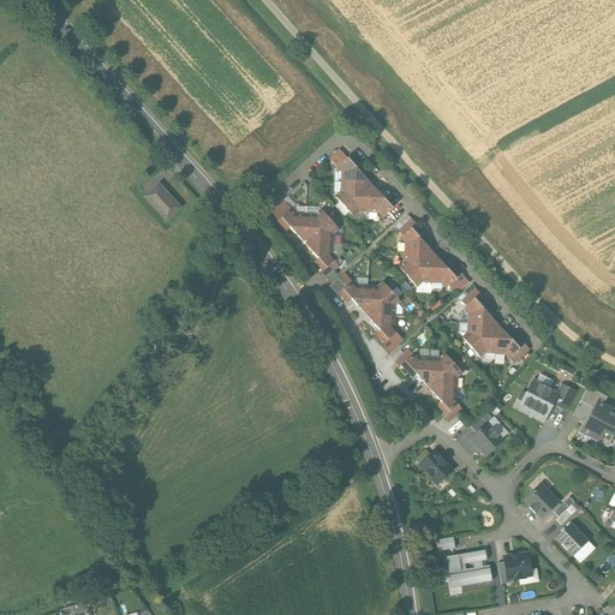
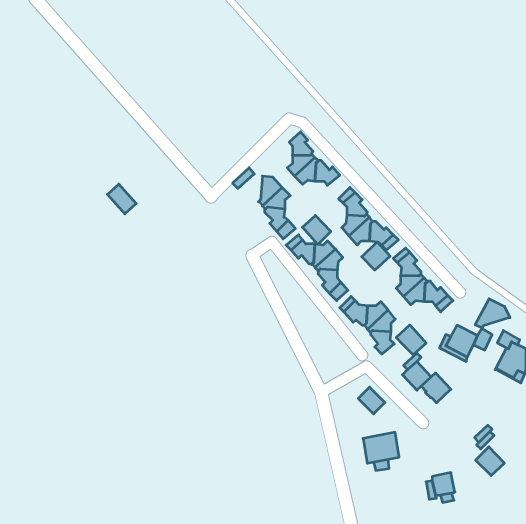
building: [145,184,179,219] -> [107,184,136,214]
building: [277,203,306,237] -> none
building: none -> [302,215,331,244]
building: none -> [362,242,390,270]
building: none -> [475,299,510,329]
building: none -> [396,325,426,355]
building: [524,483,559,518] -> [421,373,451,403]
building: [447,550,489,586] -> [363,432,399,463]

